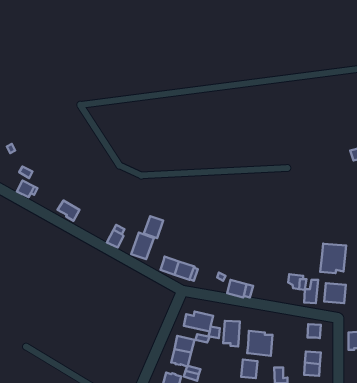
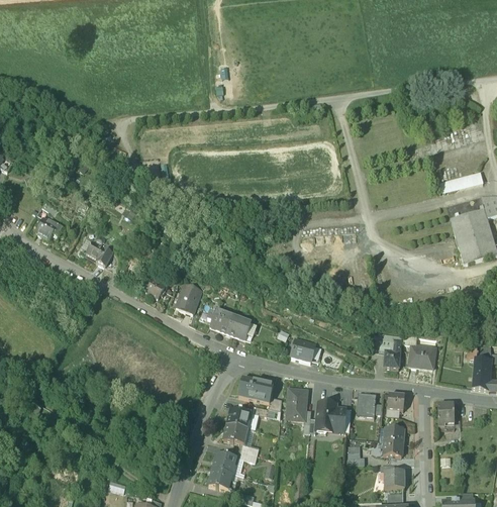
building: [144,216,163,238] -> none
building: [320,244,346,273] -> none
building: none -> [356,392,376,417]
building: [241,360,258,378] -> none

